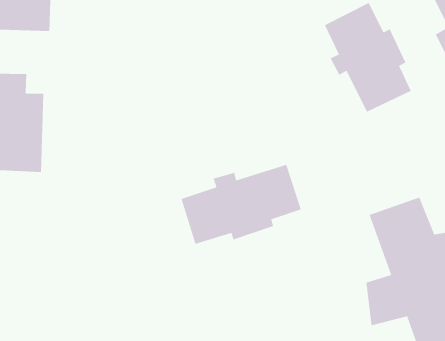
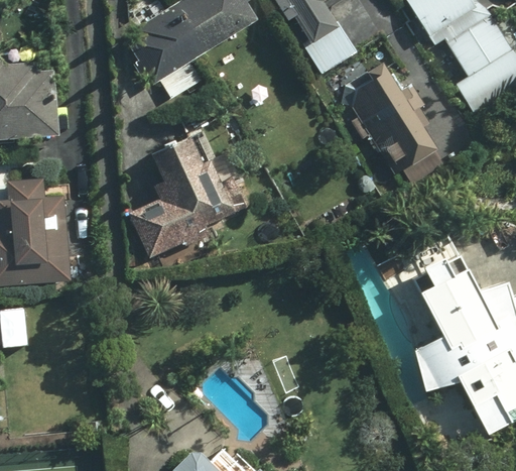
building: none -> [129,135,246,259]
building: [180,164,302,245] -> none

